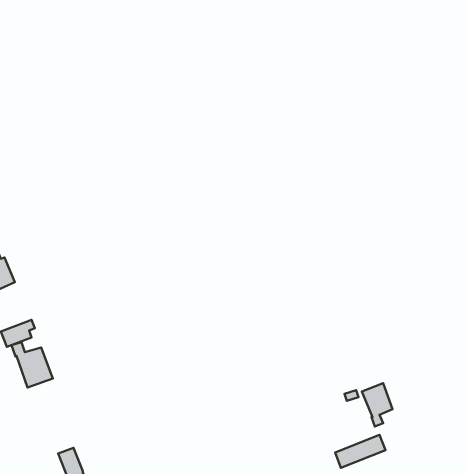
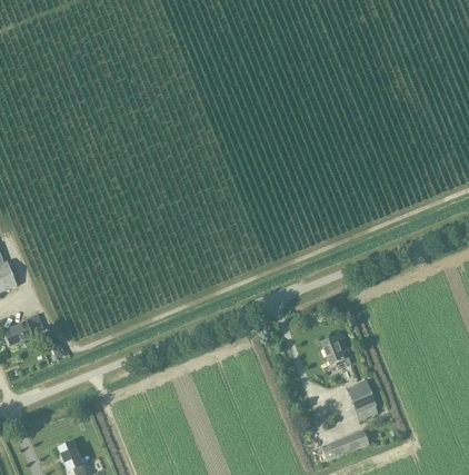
building: none -> [321,333,349,368]
building: [11,342,53,388] -> none

